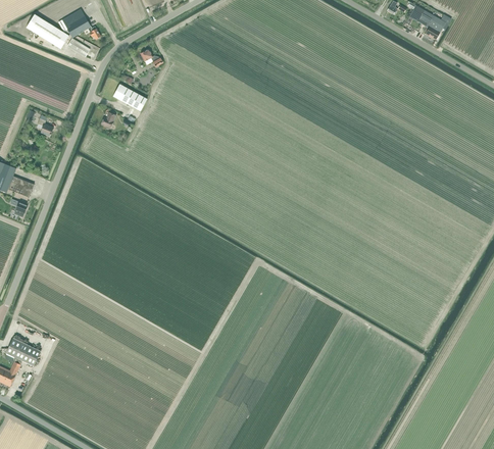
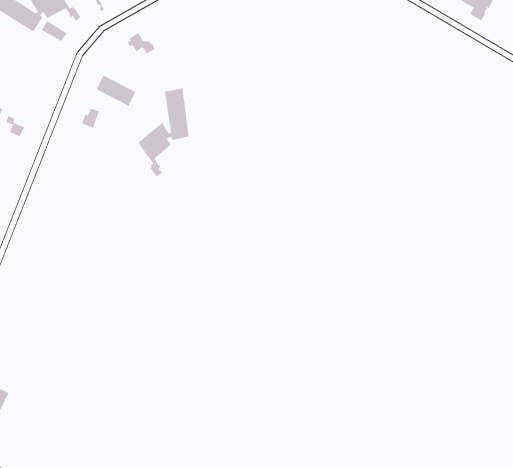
building: none -> [138,87,189,177]

